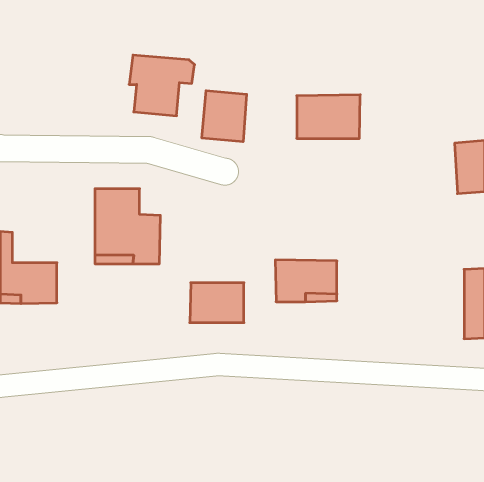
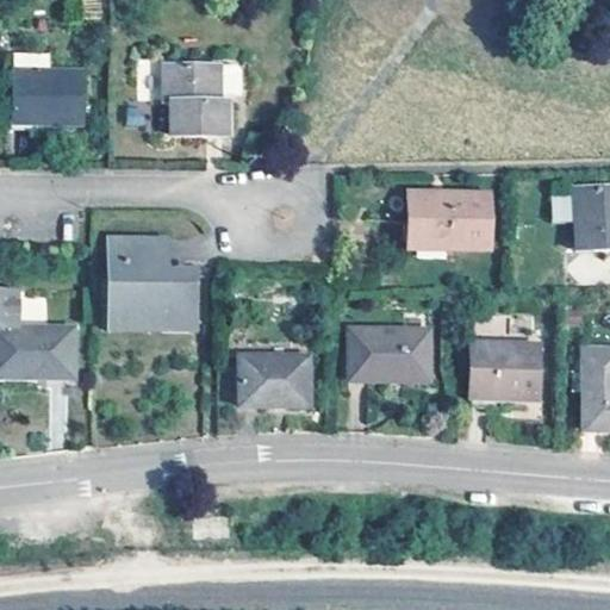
building: none -> [8,69,85,123]
building: [202,91,247,142] -> none
building: [297,95,360,138] -> [405,191,485,245]
building: none -> [468,338,533,392]

